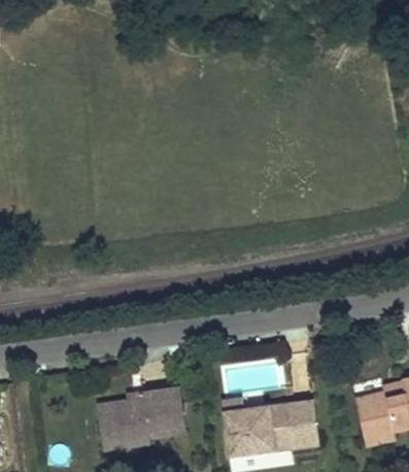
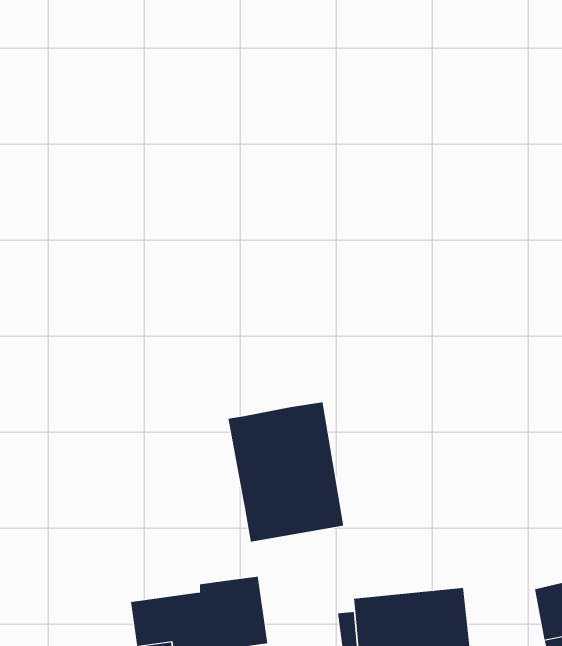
building: none -> [228,401,344,542]

